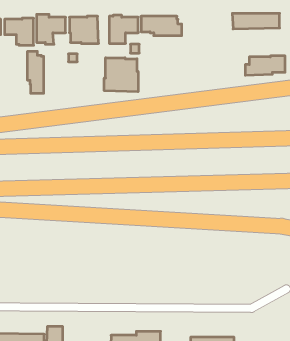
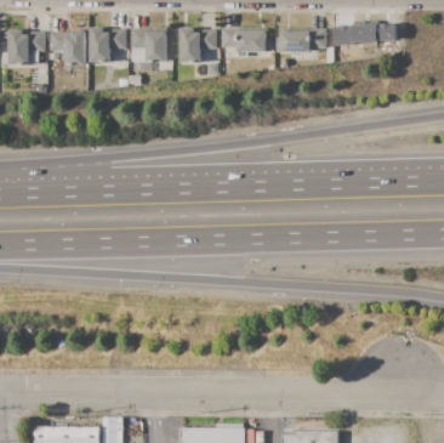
building: [28,51,44,93] -> none
building: [245,56,285,75] -> [275,28,325,52]
building: [104,58,138,92] -> none

